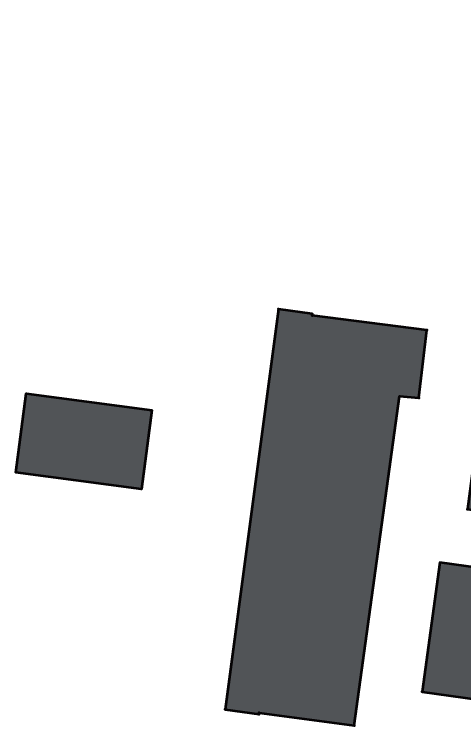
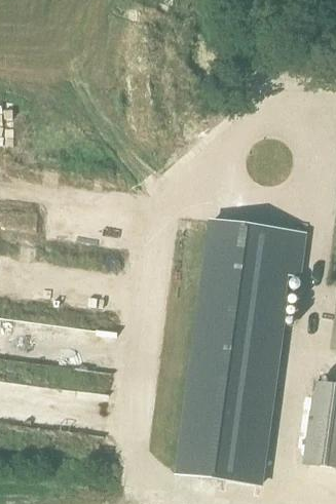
building: [16,394,152,489] -> none

